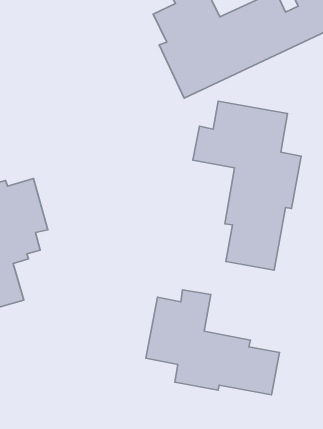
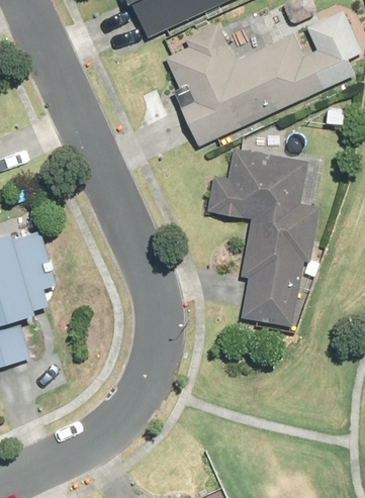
building: [146,290,279,395] -> none

